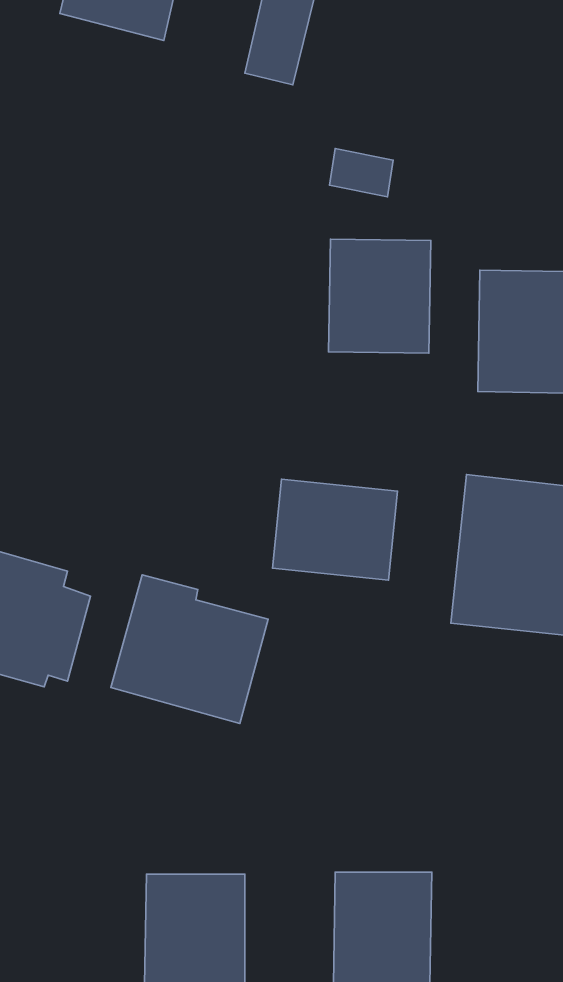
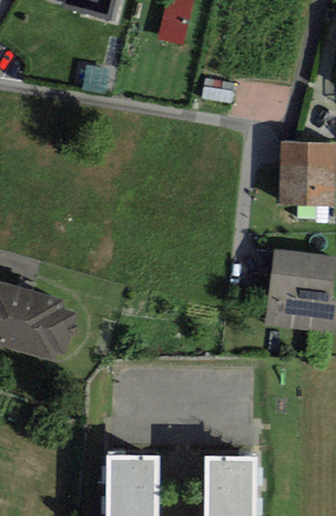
building: [329,239,431,353] -> none
building: [272,479,397,580] -> none
building: [111,575,268,724] -> none

